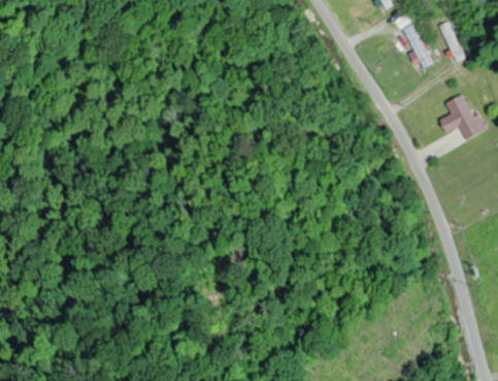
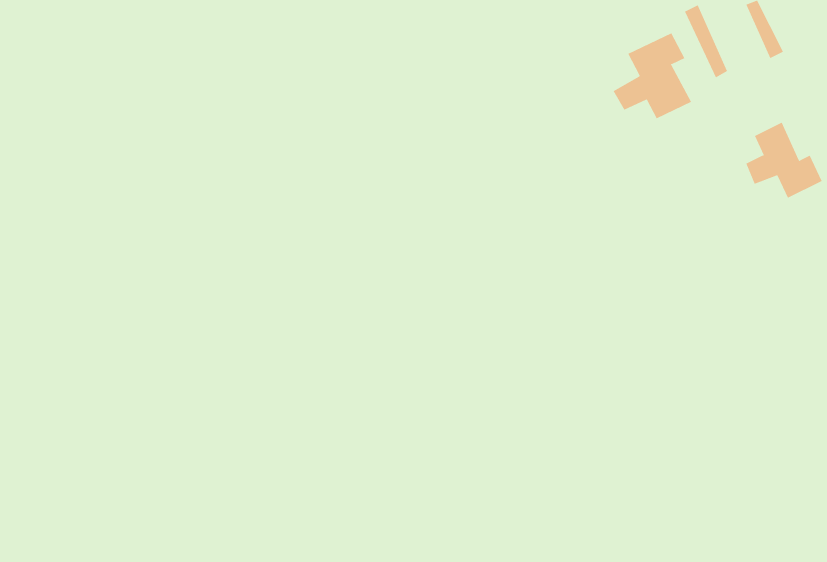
building: none -> [613,32,692,119]

